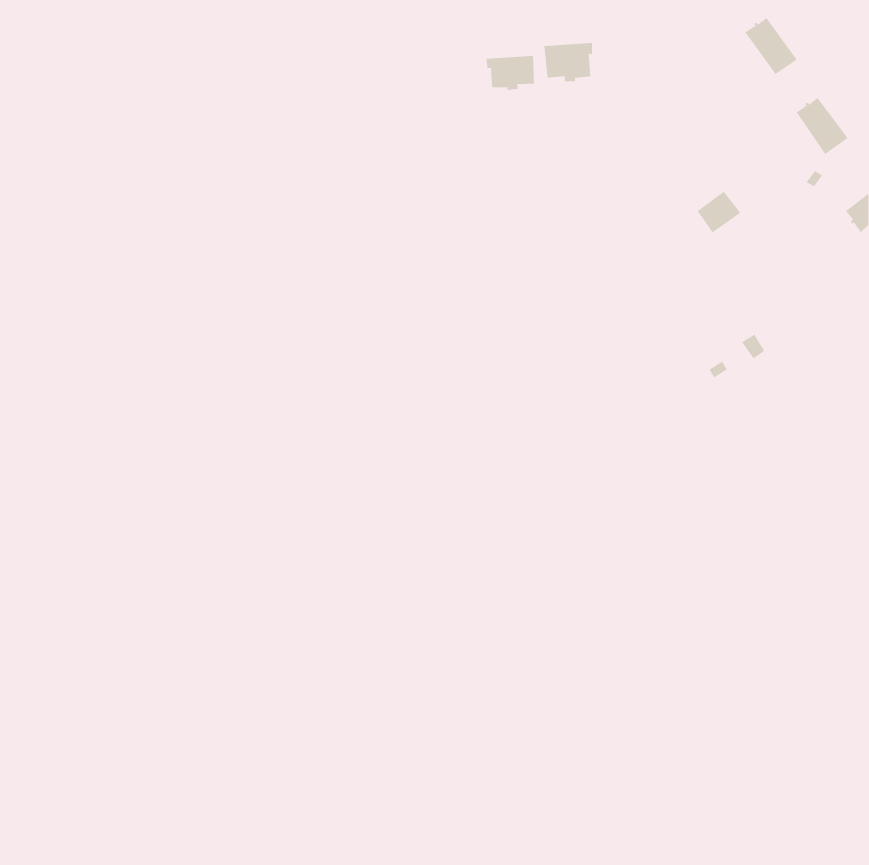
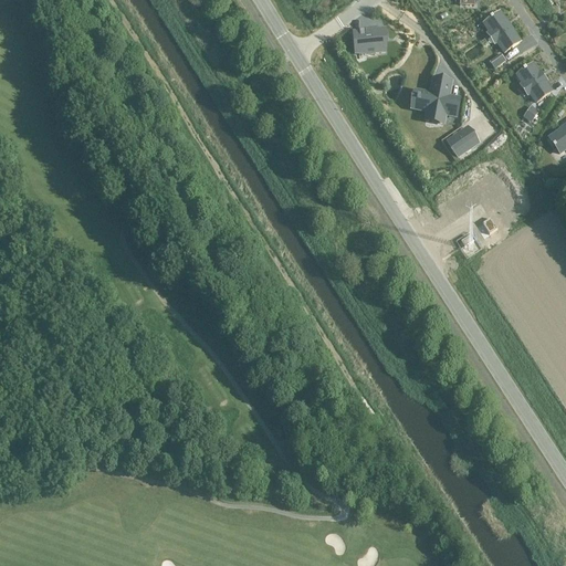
building: [486,55,534,91] -> none
building: none -> [416,82,458,117]

